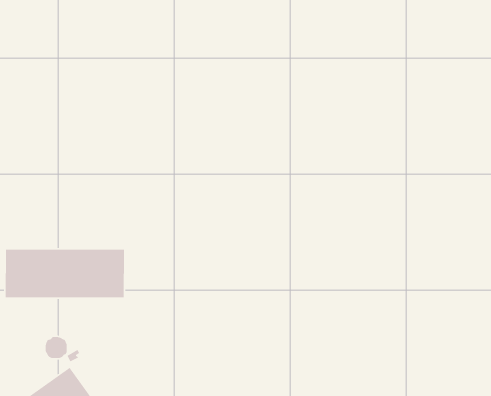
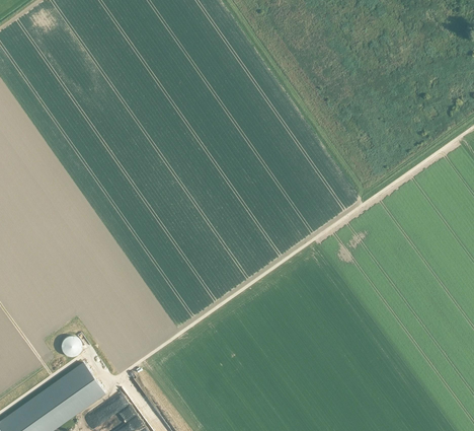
building: [5,249,125,298] -> none

